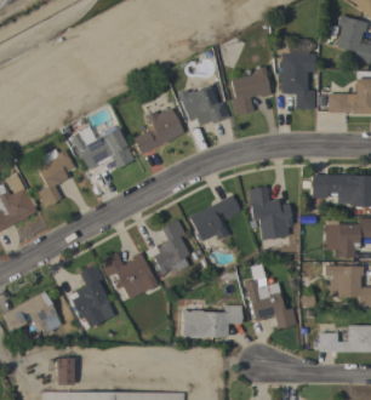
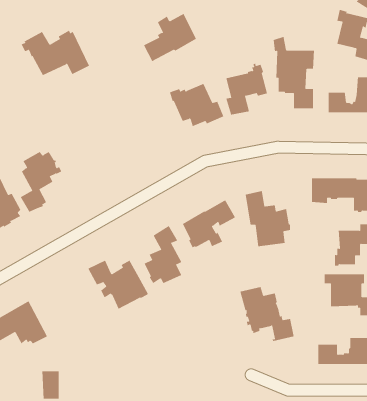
building: [133,108,184,154] -> [143,13,197,62]
building: [68,125,133,168] -> [21,30,90,76]
building: [72,264,109,328] -> none
building: [183,303,242,338] -> none

